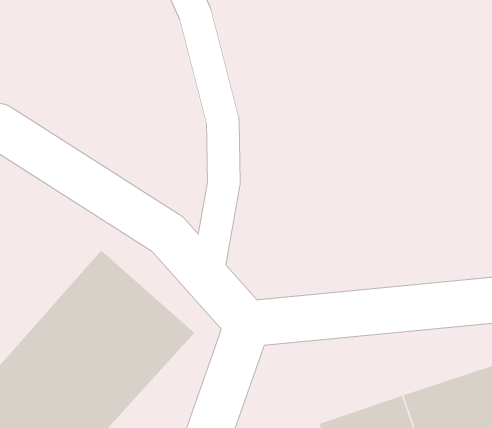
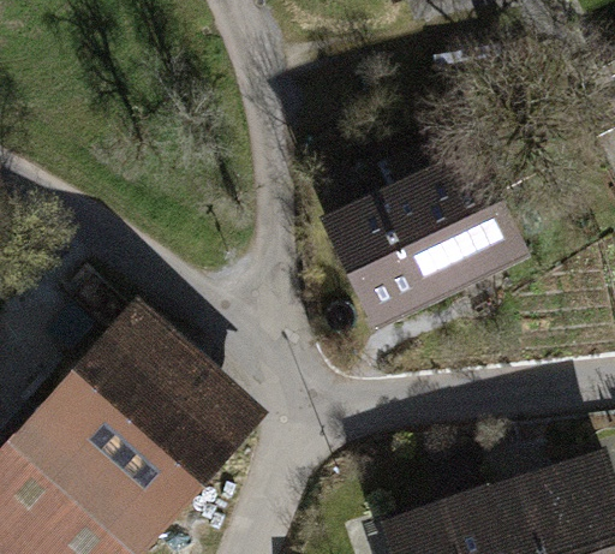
building: none -> [323,138,527,321]

